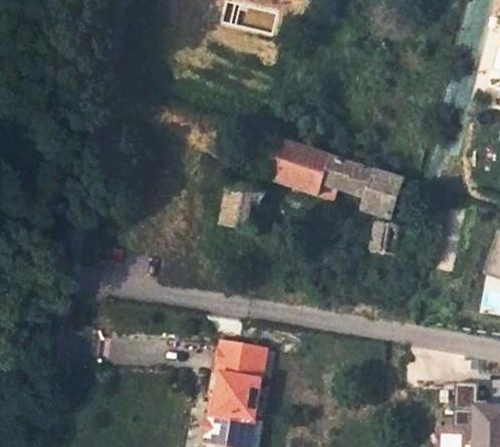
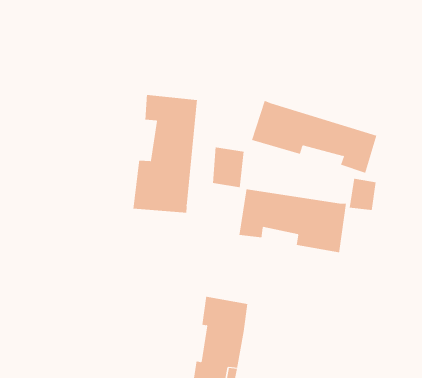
building: none -> [133,94,197,214]
building: none -> [239,188,346,253]

